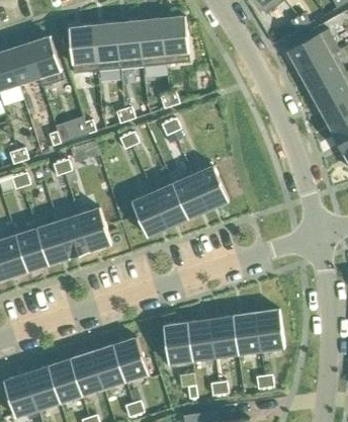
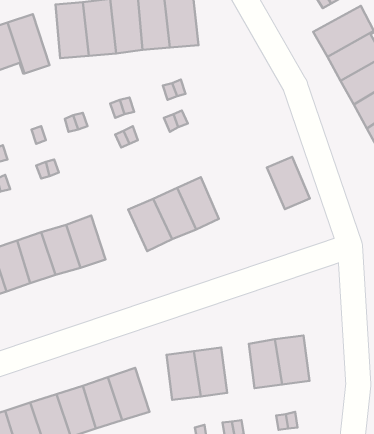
building: [191,165,228,209] -> [267,157,310,209]
building: [208,316,237,357] -> none

